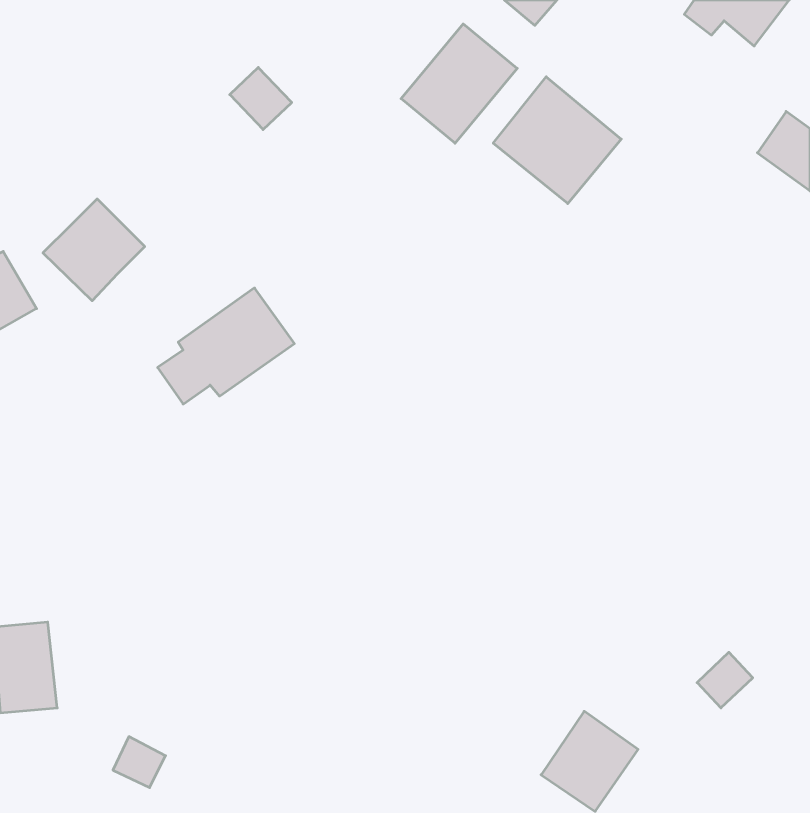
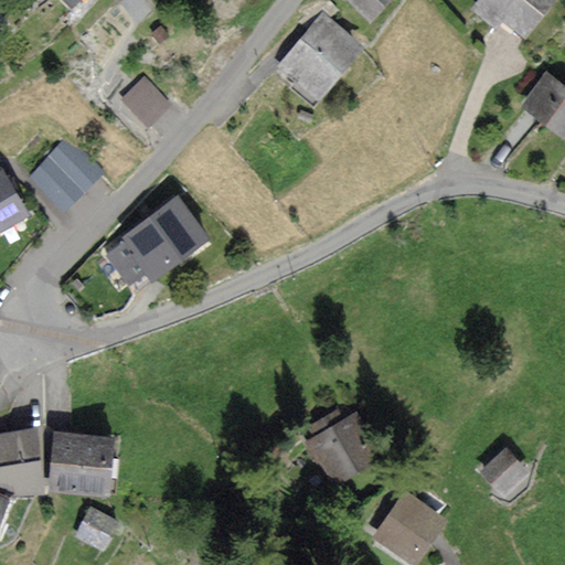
building: [230,67,292,130] -> [124,79,167,122]
building: [493,77,621,204] -> none
building: none -> [306,413,376,479]
building: none -> [53,436,109,492]

